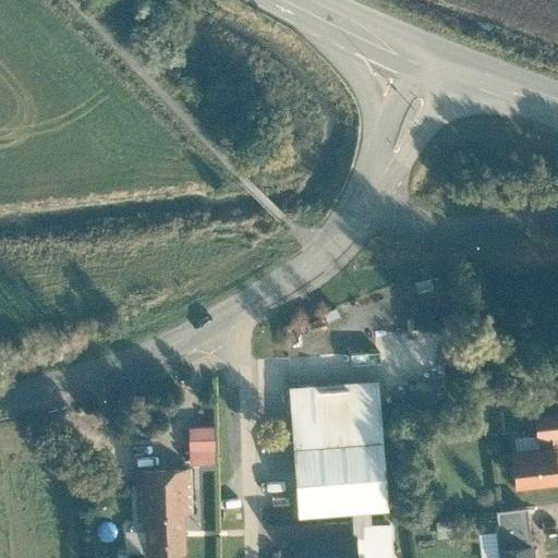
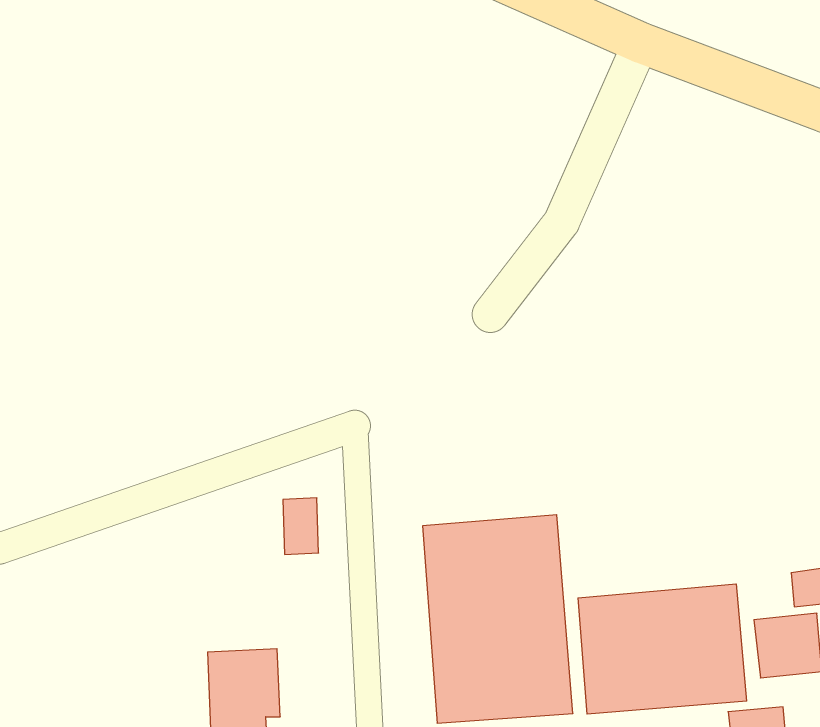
building: none -> [578,584,747,714]
building: [190,430,214,469] -> [283,498,319,554]

